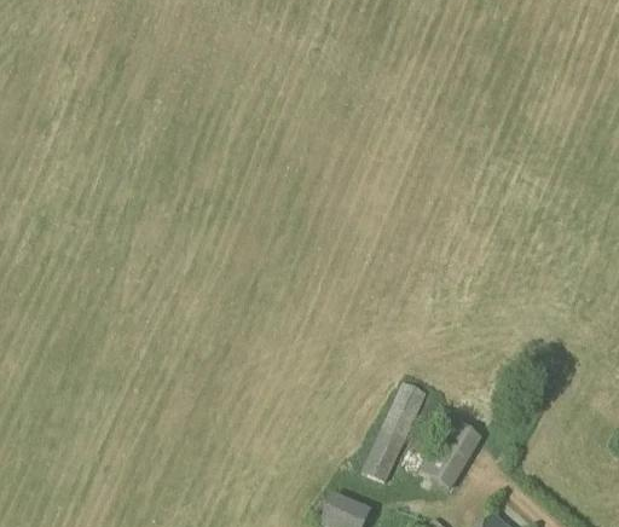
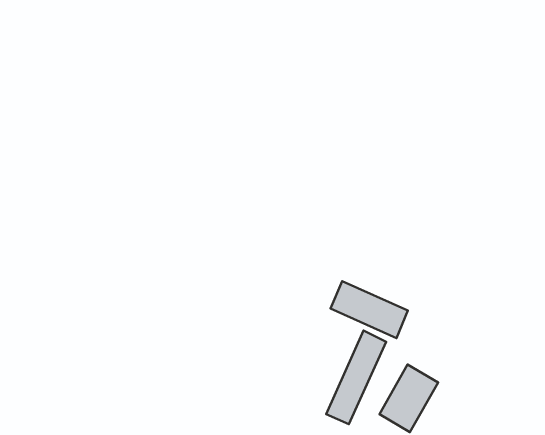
building: none -> [331,281,408,338]

